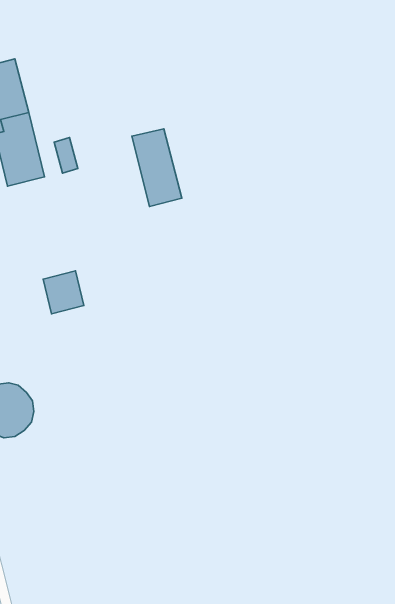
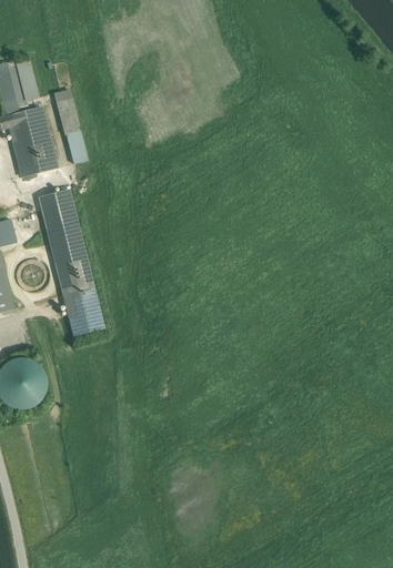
building: none -> [57,98,80,134]
building: [132,129,182,206] -> [39,190,85,262]
building: none -> [63,286,103,335]

